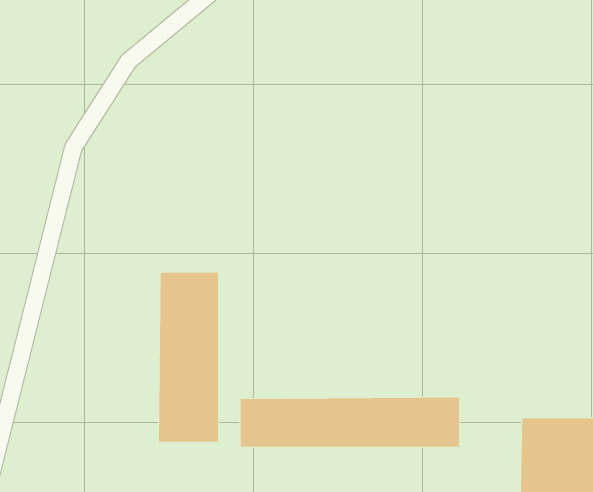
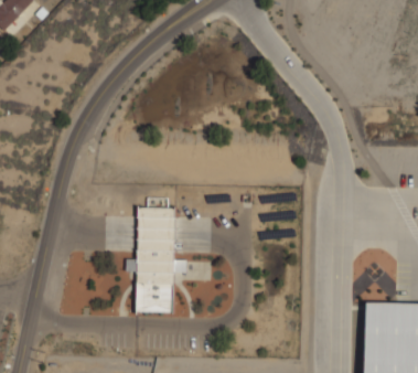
building: [240,397,459,447] -> none

